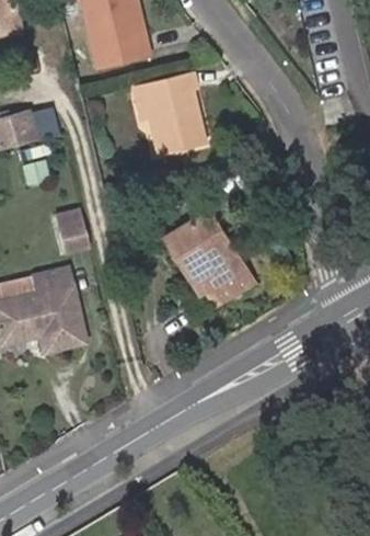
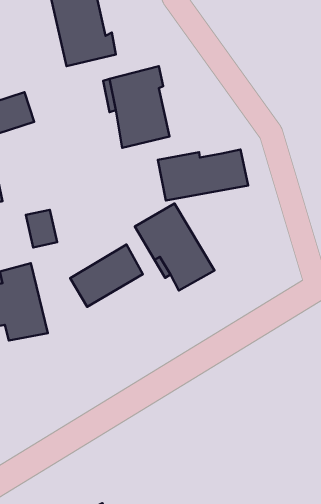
building: none -> [158,149,248,201]
building: none -> [70,245,143,307]

